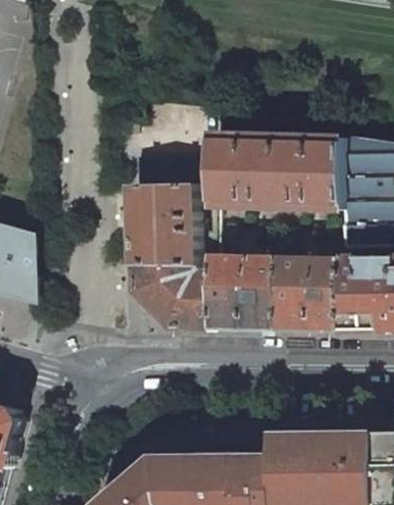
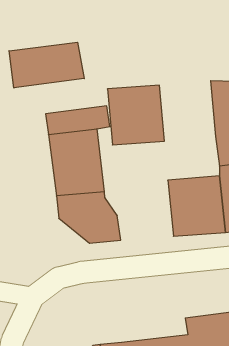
building: none -> [9,42,84,88]
building: [274,137,340,209] -> none
building: [205,258,273,330] -> none

